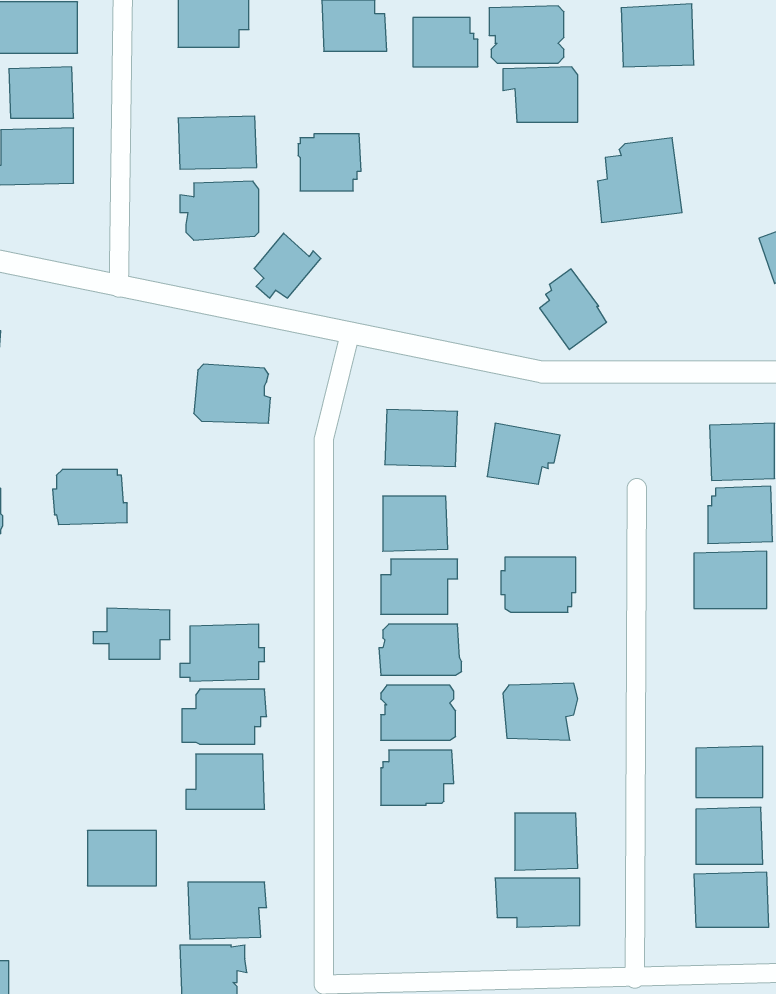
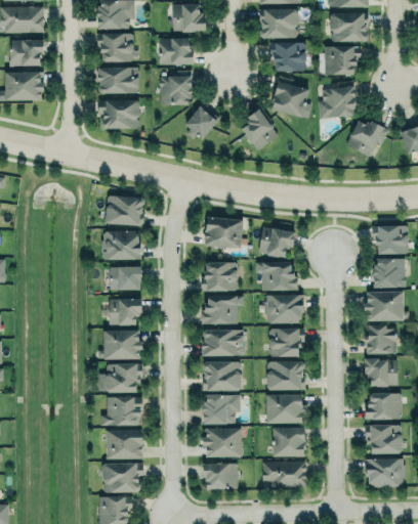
building: [413,18,478,67] -> [160,38,194,63]
building: none -> [98,33,133,61]
building: none -> [323,43,360,74]
building: none -> [273,80,310,118]
building: none -> [347,121,389,156]
building: [254,233,321,298] -> [185,105,220,139]
building: [540,269,607,350] -> [243,108,278,150]
building: [53,469,127,525] -> [101,230,140,259]
building: none -> [256,262,298,290]
building: none -> [110,266,141,290]
building: [93,608,170,659] -> [101,299,141,325]
building: none -> [366,325,396,354]
building: none -> [263,328,304,357]
building: none -> [365,358,399,387]
building: none -> [265,392,302,422]
building: none -> [205,429,242,457]
building: [87,831,156,886] -> [107,430,142,458]
building: none -> [204,464,238,490]

